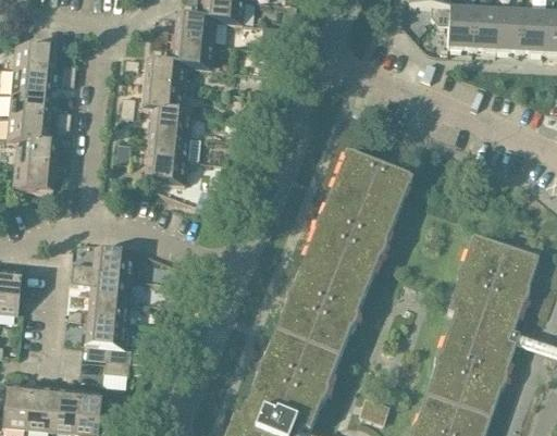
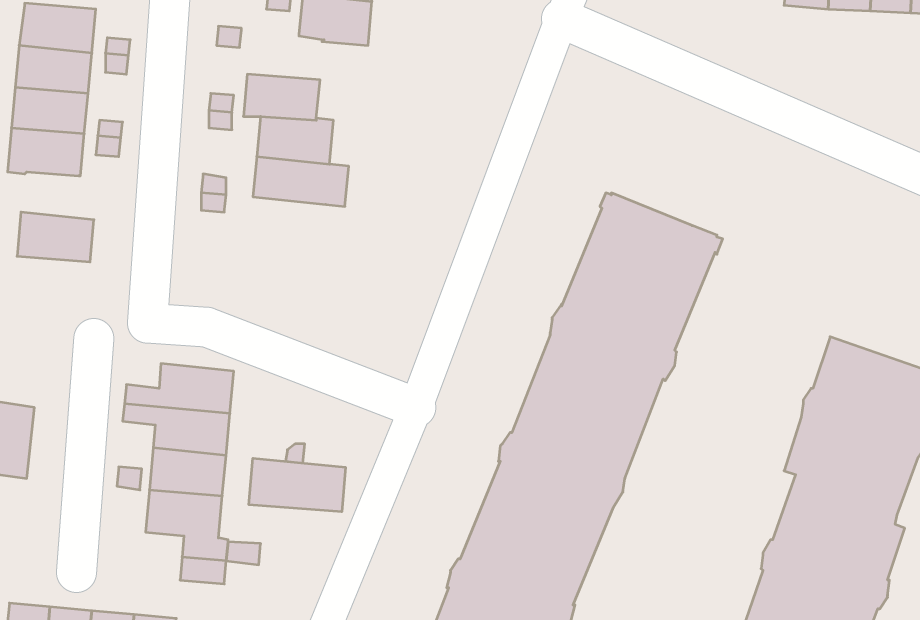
building: [141,59,185,87] -> none
building: [13,139,58,166] -> none
building: [143,153,186,183] -> none
building: none -> [249,458,345,512]

